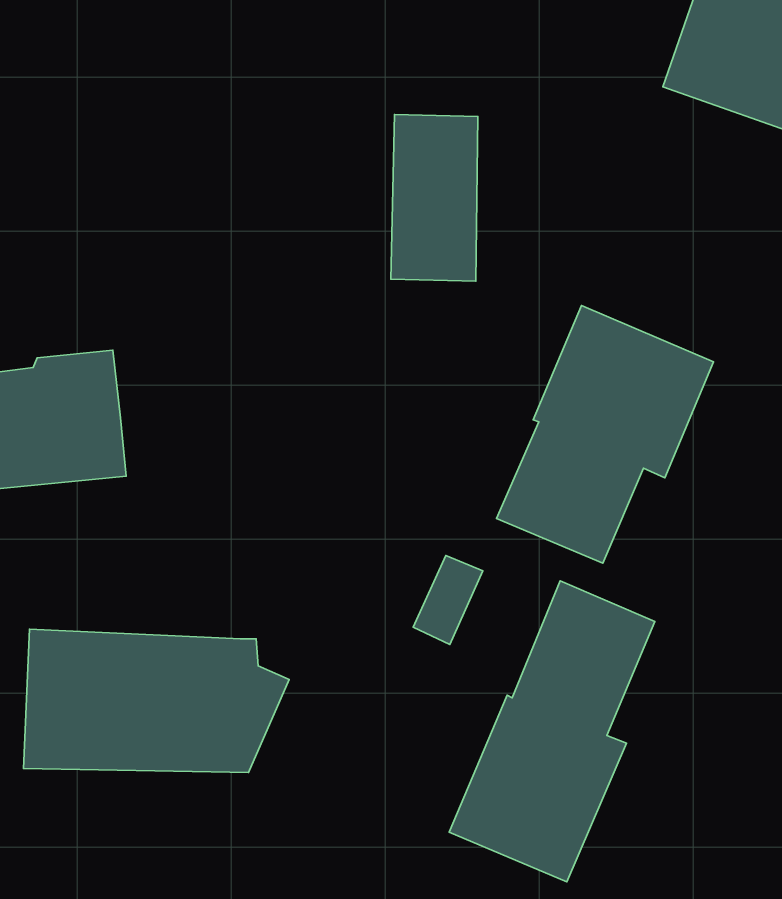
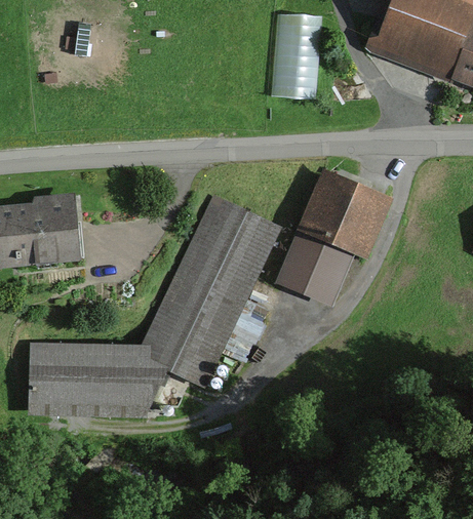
building: [391,115,478,281] -> [274,15,320,104]
building: none -> [142,198,279,384]
building: [449,581,655,882] -> none

